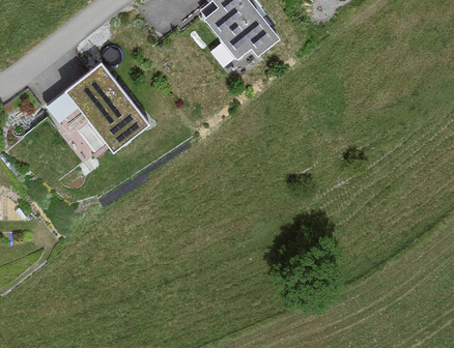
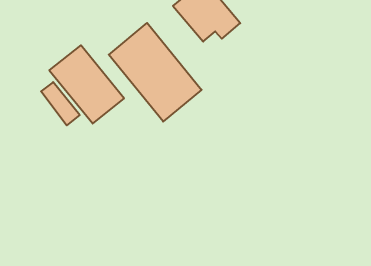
building: none -> [109,23,202,122]

